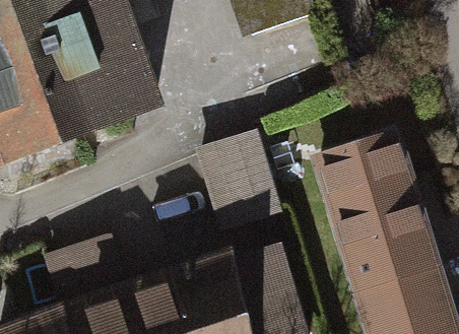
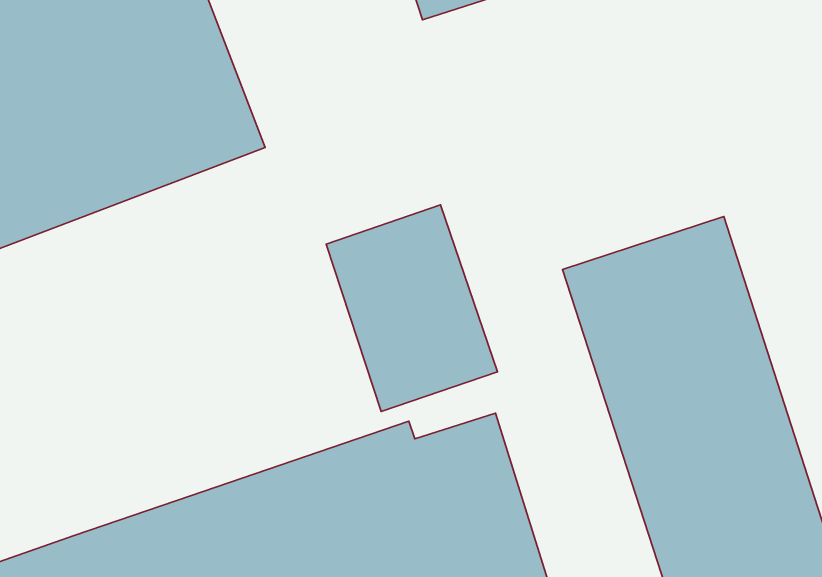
building: [45,235,123,305] -> none

